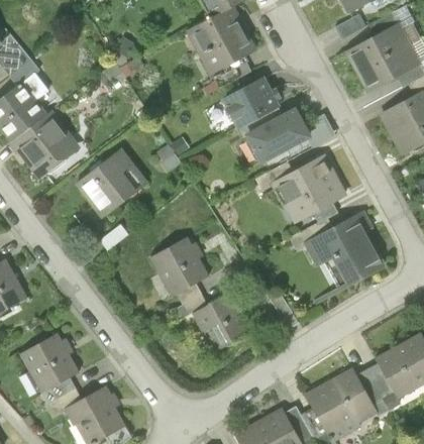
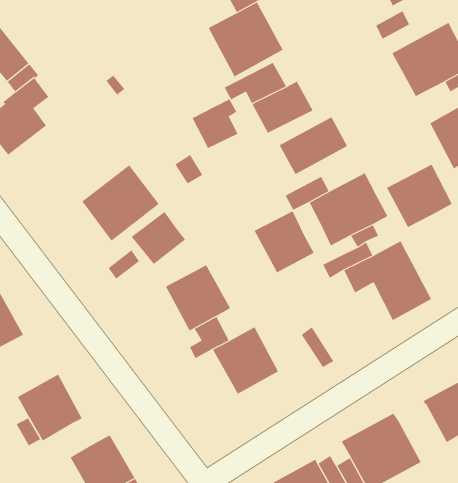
building: none -> [192,98,238,149]
building: [12,113,72,177] -> none
building: none -> [386,164,452,228]
building: none -> [254,211,314,273]
building: none -> [131,211,186,265]
building: [355,361,401,415] -> none
building: [42,377,82,415] -> none

